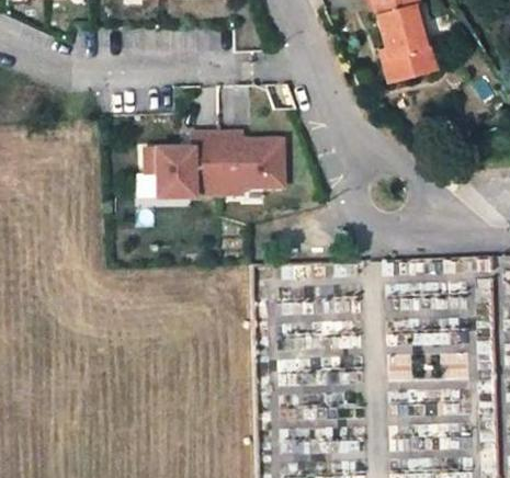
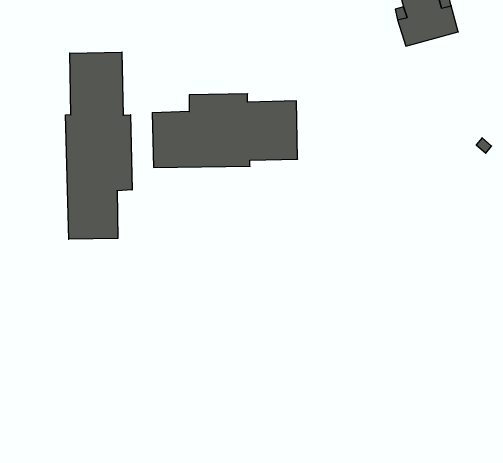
building: none -> [66,52,132,239]

